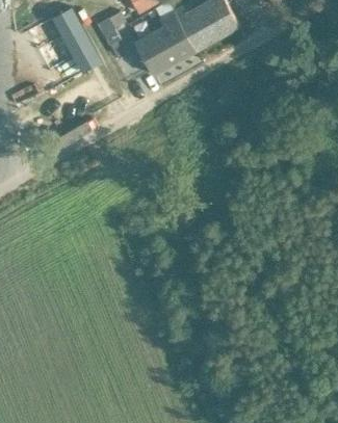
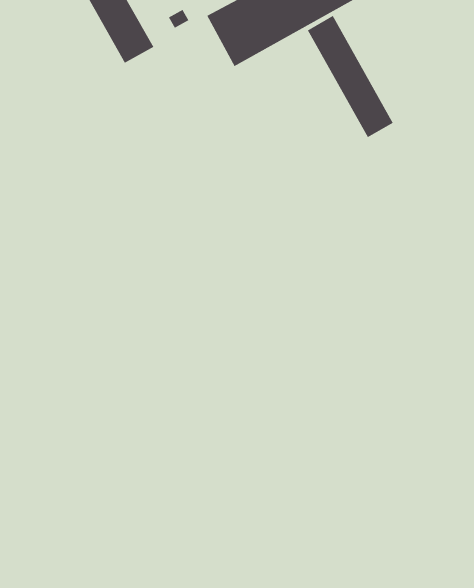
building: none -> [307,15,394,138]

